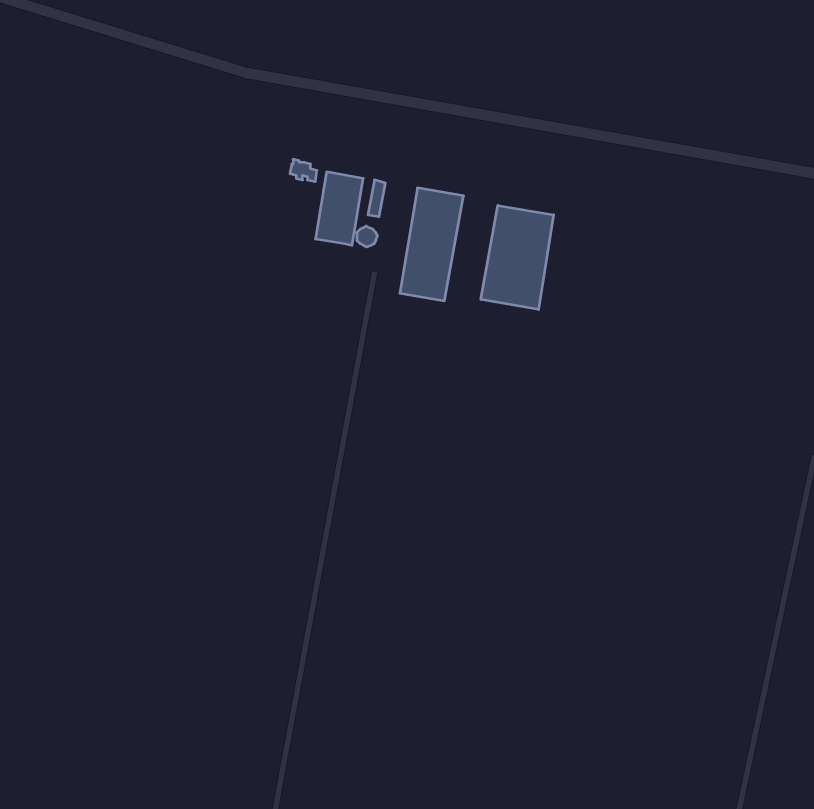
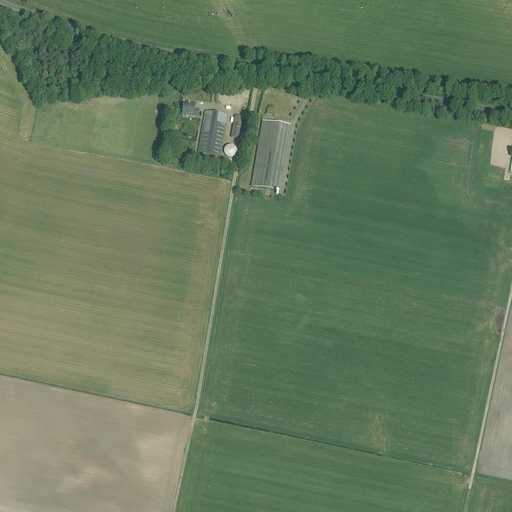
building: [481,205,554,310] -> none

